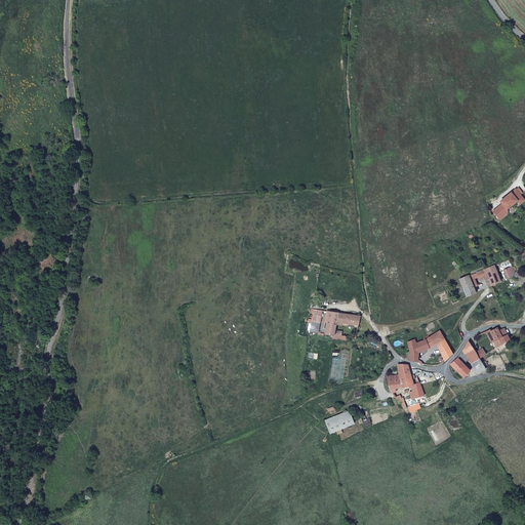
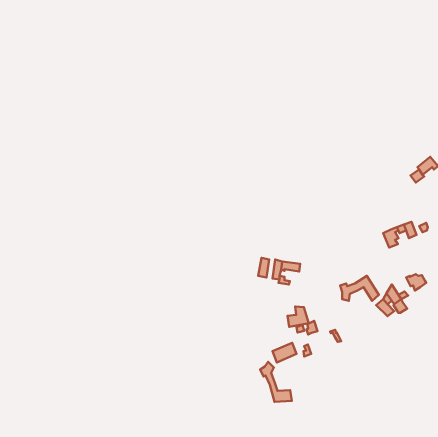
building: [388,365,423,399] -> [288,306,318,335]
building: none -> [260,362,292,402]

